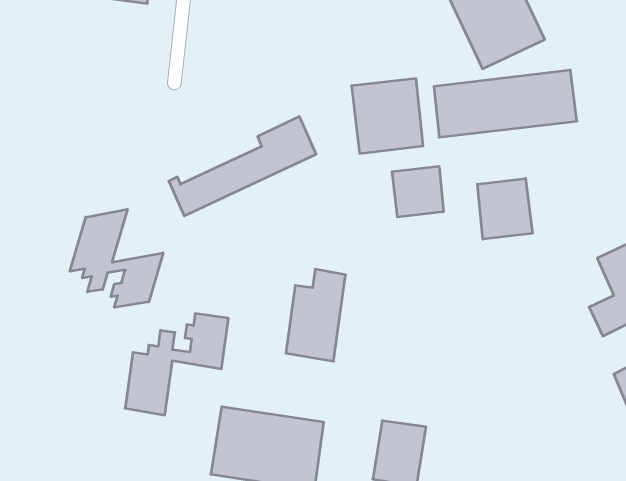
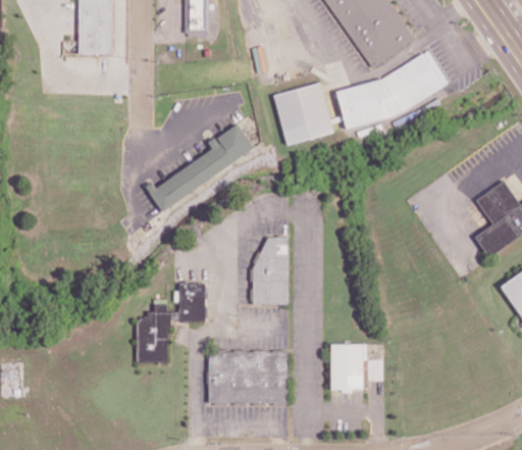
building: [392,166,443,217] -> none
building: [477,178,532,239] -> none
building: [70,209,163,307] -> none

